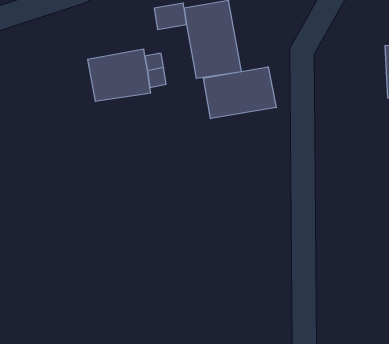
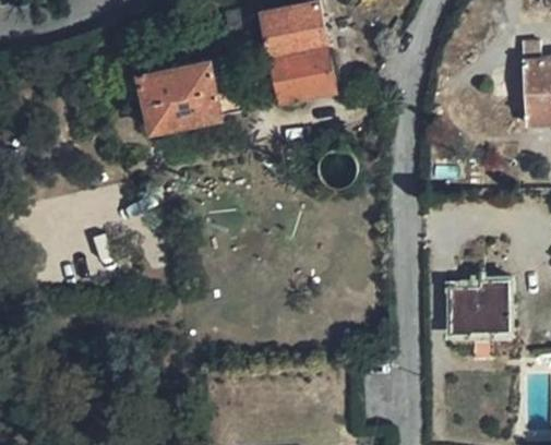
building: [204,67,276,119] -> none
building: none -> [446,276,510,337]

